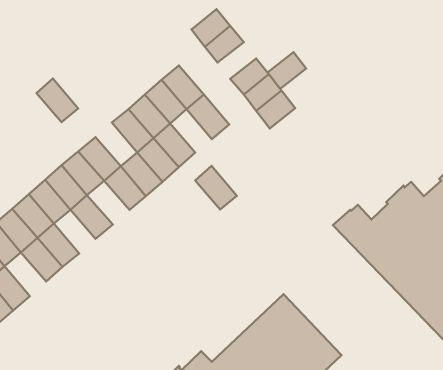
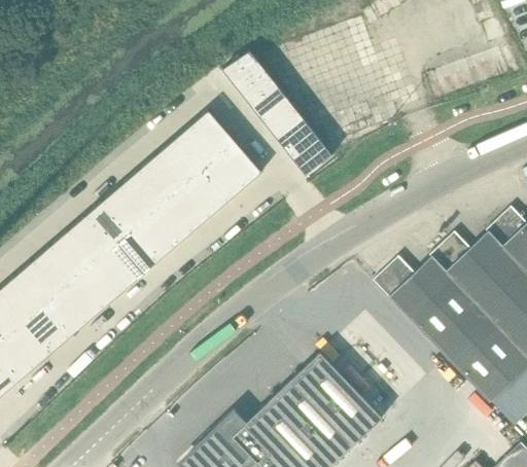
building: [268,52,306,89] -> [250,85,291,124]
building: [36,79,78,122] -> [120,171,165,217]
building: [195,166,237,210] -> [200,156,244,203]
building: none -> [111,232,156,279]
building: none -> [76,263,120,310]
building: none -> [24,309,68,355]

